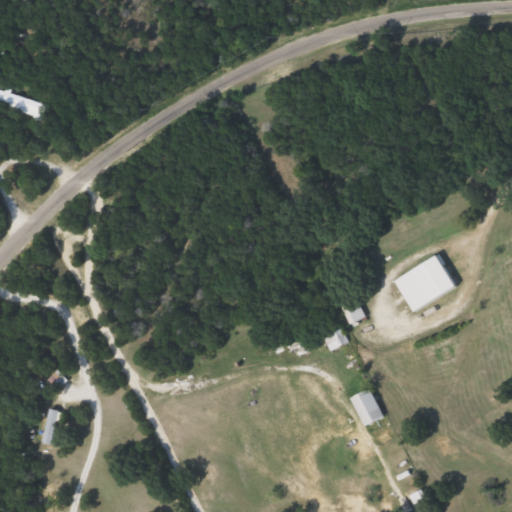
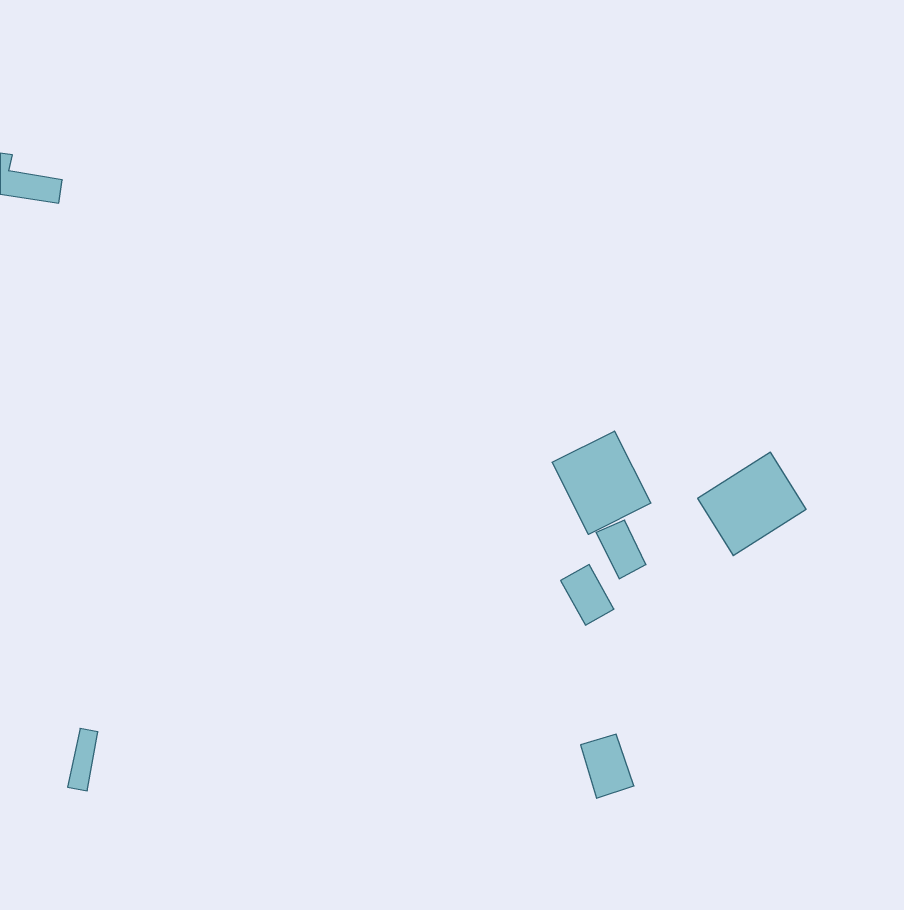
building: none -> [552,431,651,534]
building: [353,389,383,425] -> [581,734,634,798]

